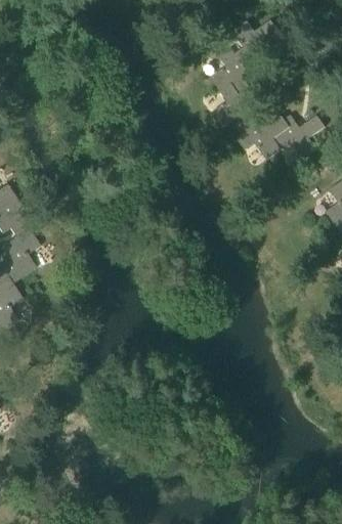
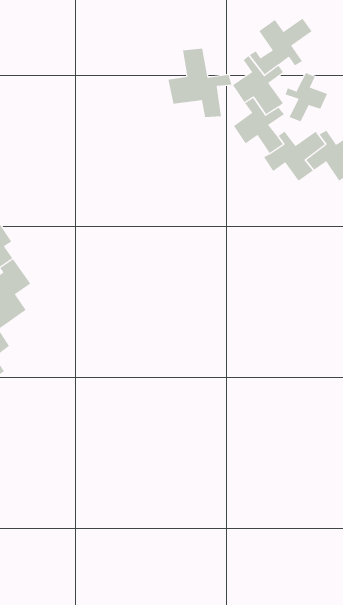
building: none -> [168,48,232,118]
building: none -> [285,72,328,122]

